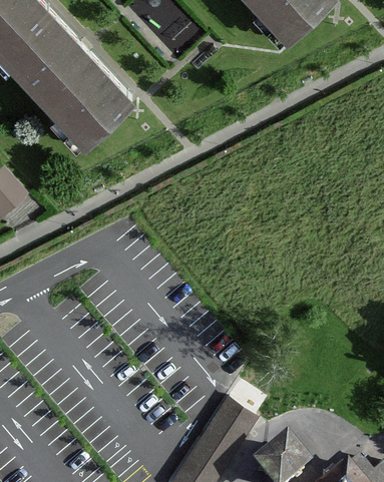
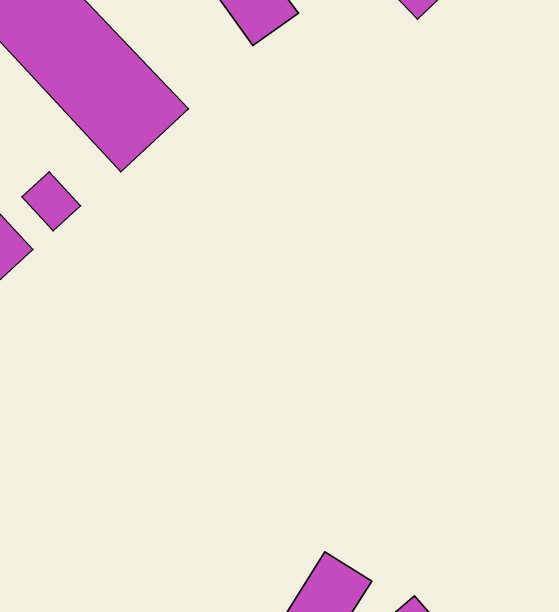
building: none -> [22,172,80,231]

